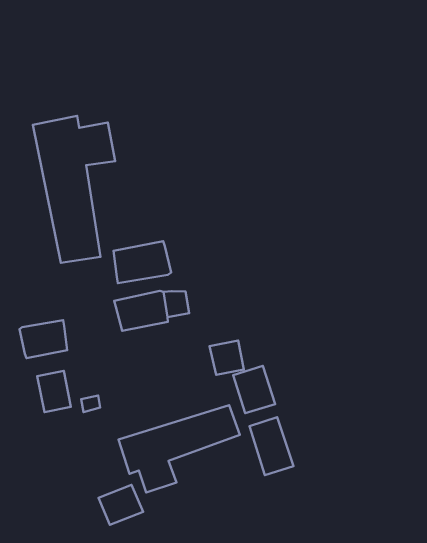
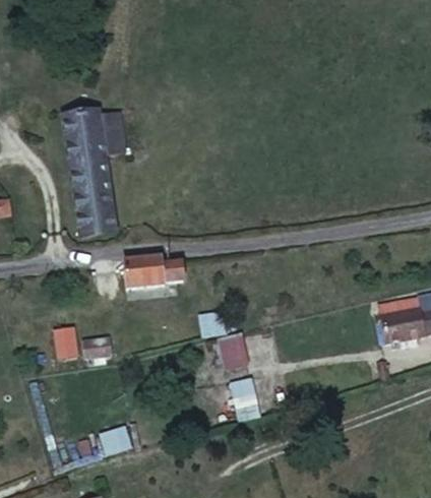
building: [114,241,171,283] -> none
building: [19,320,67,358] -> none
building: [119,405,240,492] -> none

